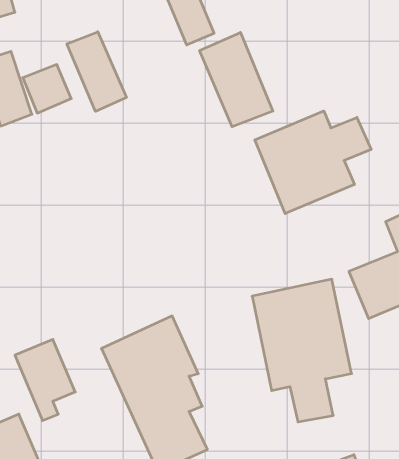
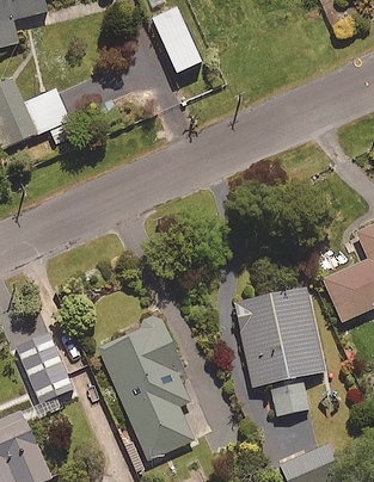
building: [67,32,126,111] -> none
building: [200,32,273,127] -> none
building: [255,111,371,214] -> none

